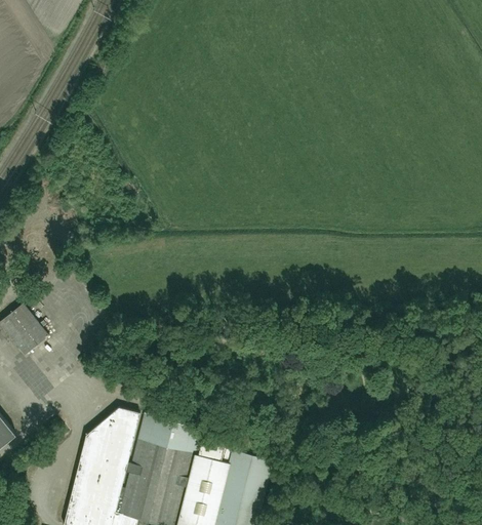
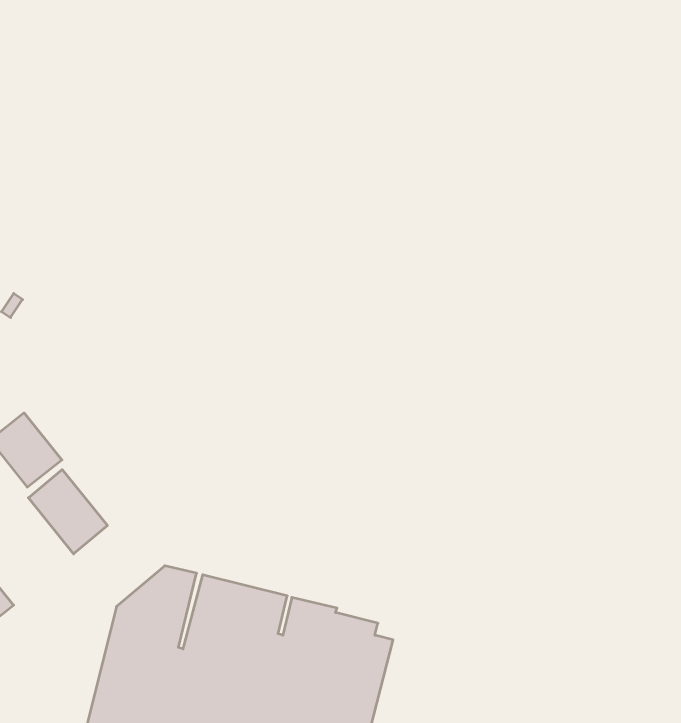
building: none -> [28,470,107,554]

